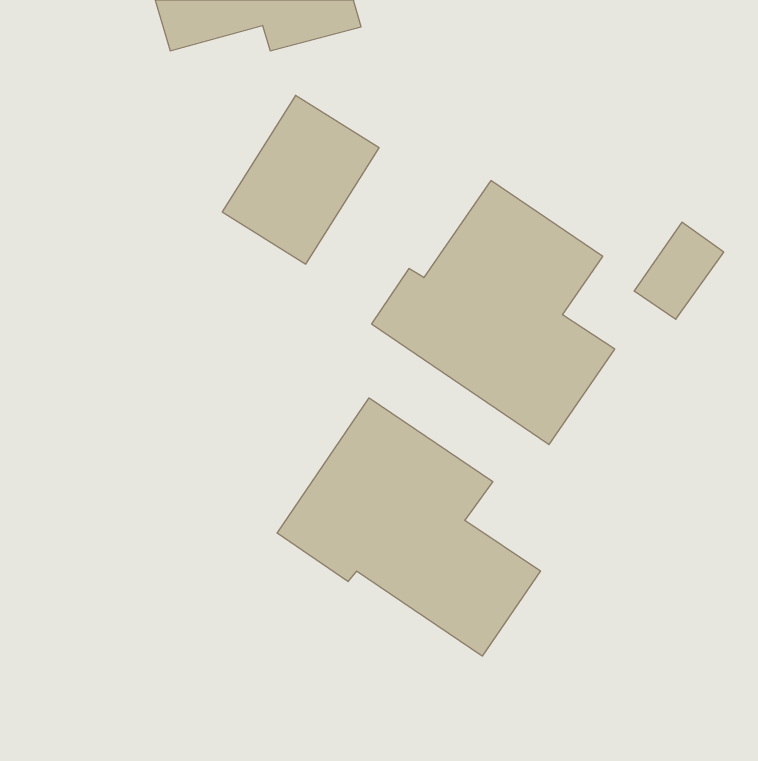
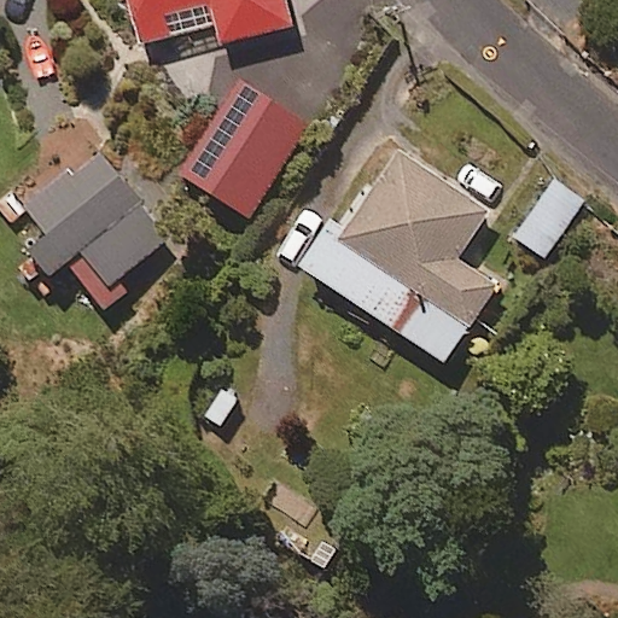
building: none -> [25,152,163,309]
building: [277,398,540,656] -> none

